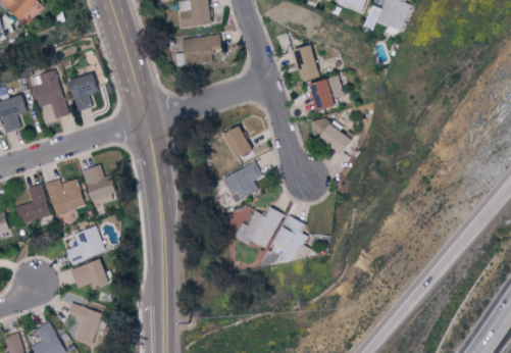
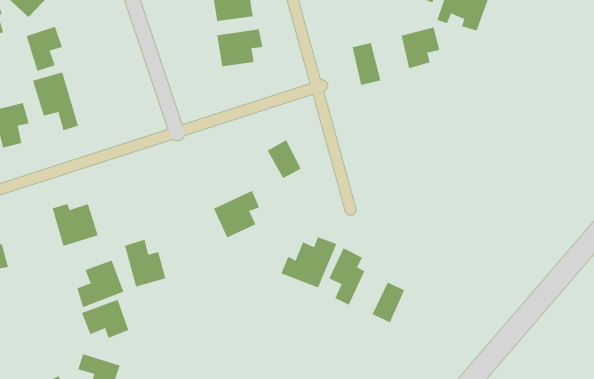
building: [67,73,98,111] -> [26,26,63,72]
building: [309,75,342,110] -> [401,27,440,69]
building: [308,116,352,153] -> none
building: [222,162,261,202] -> [213,190,260,238]
building: [83,164,117,204] -> [124,239,166,287]
building: [15,184,50,223] -> none
building: none -> [372,282,405,323]

